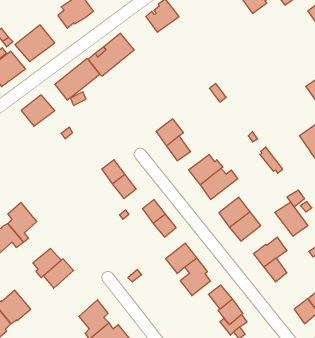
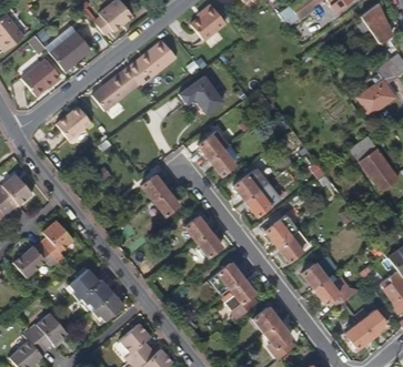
building: none -> [181,75,224,120]
building: [275,202,308,236] -> none
building: none -> [91,292,124,322]

